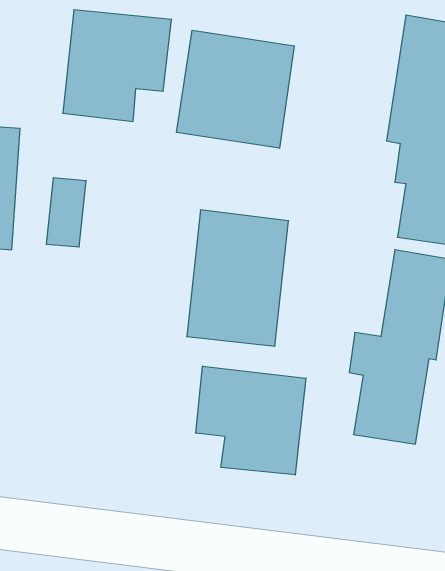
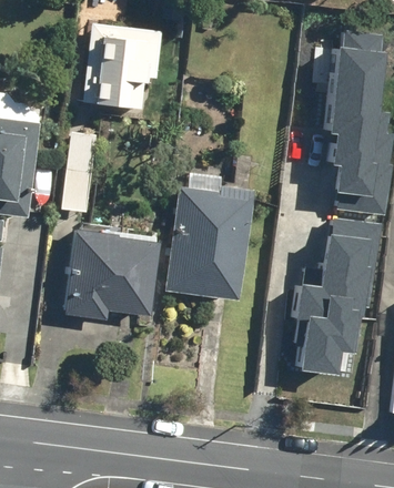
building: [176,30,294,148] -> none
building: none -> [61,227,148,319]
building: [196,366,306,475] -> none

